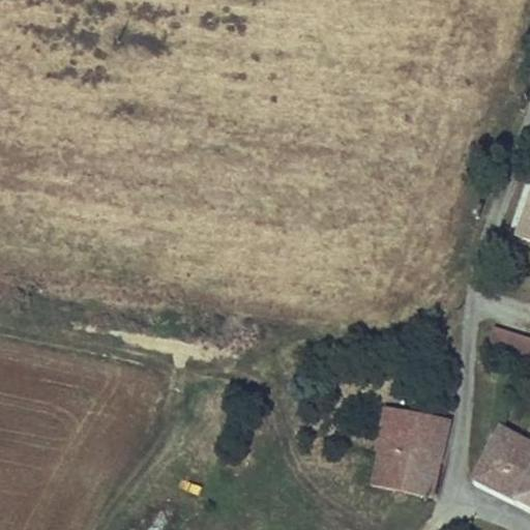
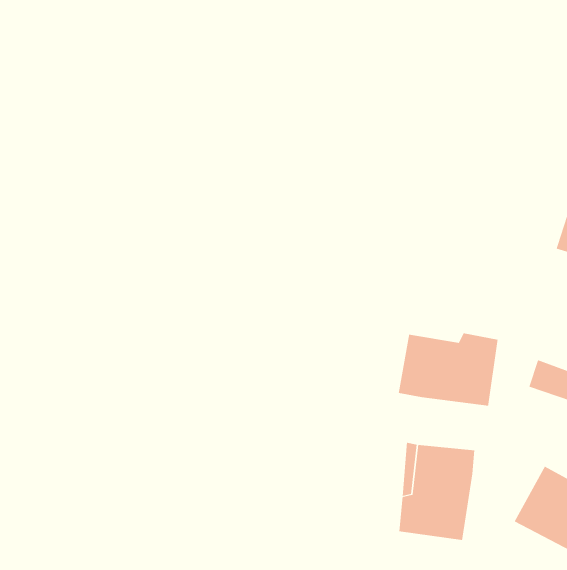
building: none -> [398,333,498,406]

